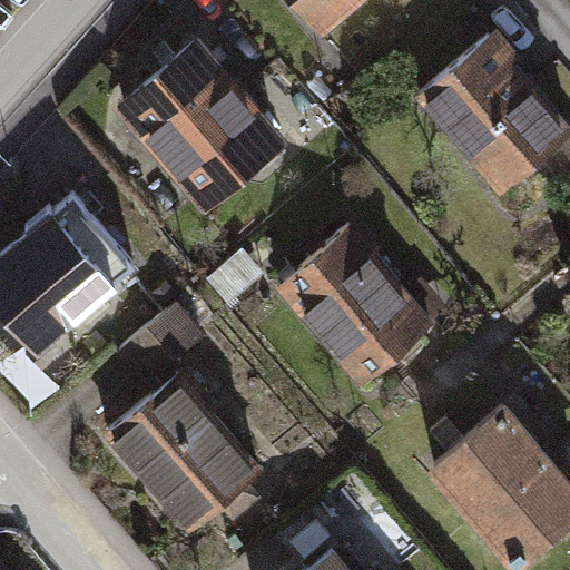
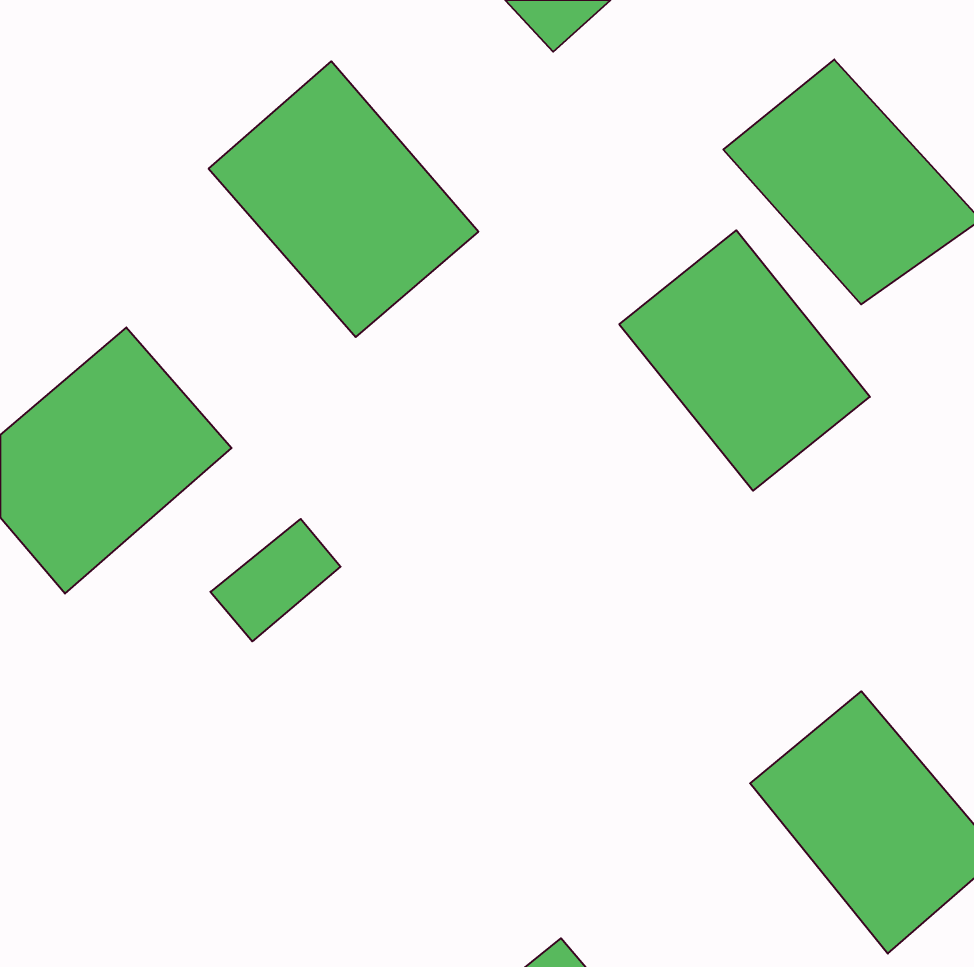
building: [286,225,432,376] -> [619,230,870,491]
building: [112,376,261,529] -> none

